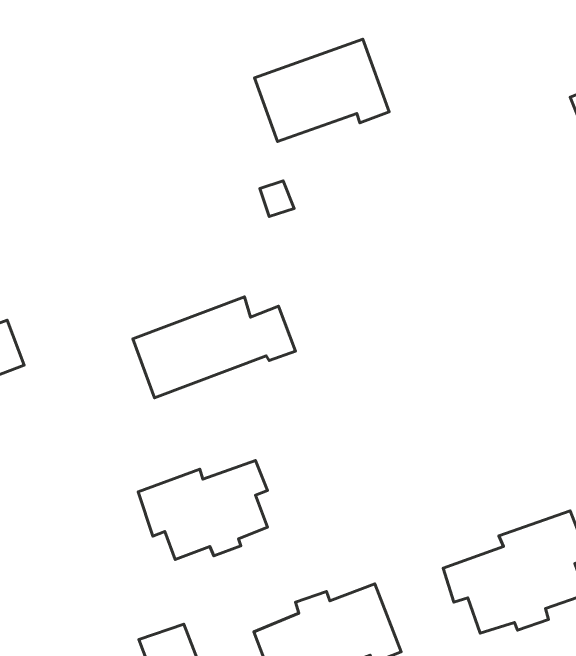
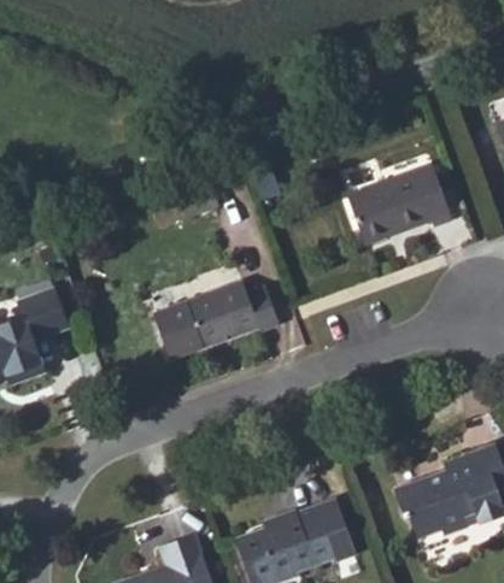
building: [254,39,389,141] -> [334,159,439,239]
building: [138,460,267,559] -> none

